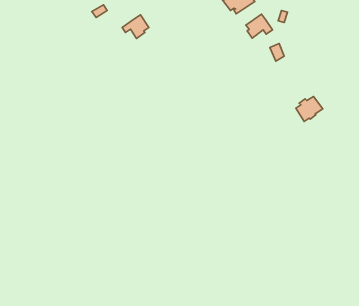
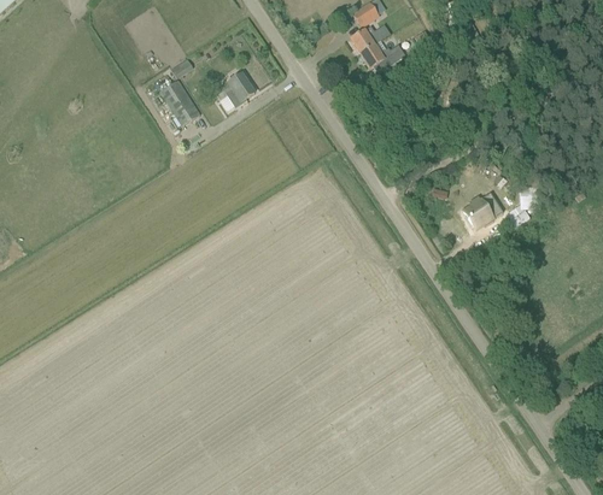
building: [246,14,273,38] -> none
building: none -> [159,79,199,125]

